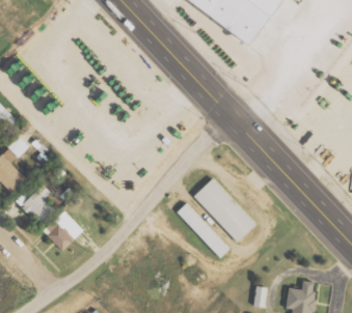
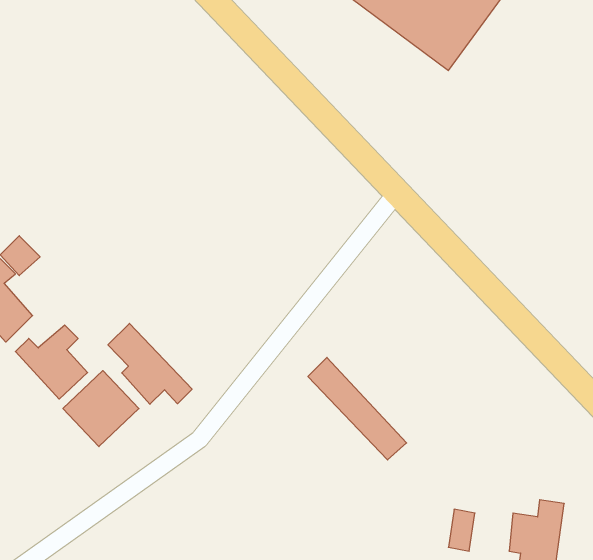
building: [193,177,255,241] -> none
building: none -> [108,323,192,404]

